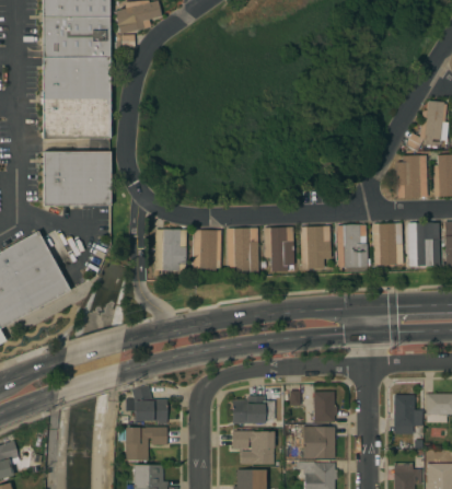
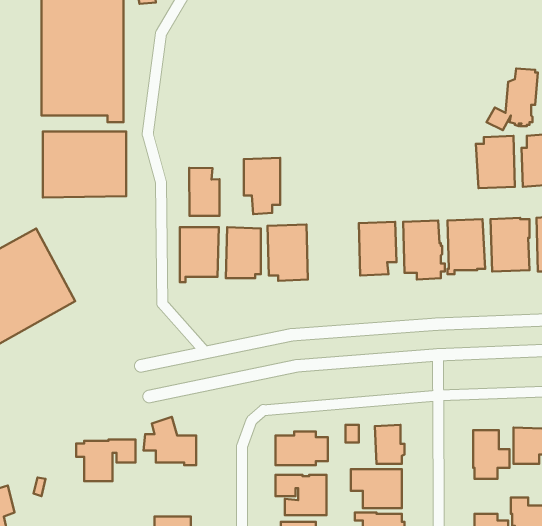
building: none -> [189,168,219,216]
building: [264,226,293,272] -> [244,158,280,214]
building: [118,427,166,461] -> [76,439,135,481]

